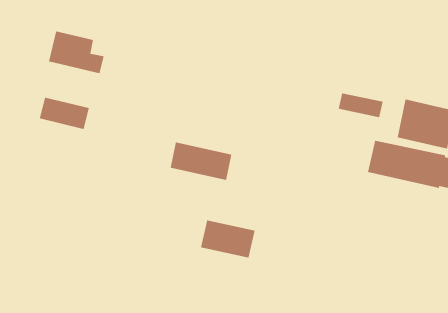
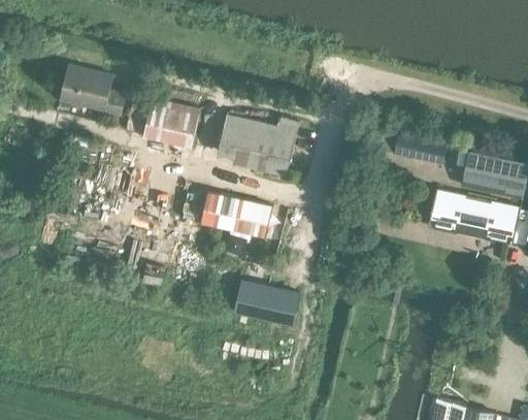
building: none -> [143,97,200,144]
building: none -> [218,114,299,175]
building: [39,97,89,130] -> none

